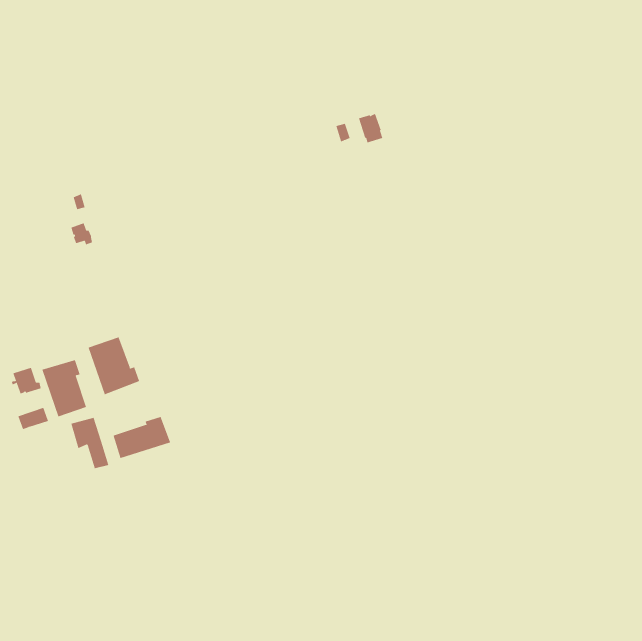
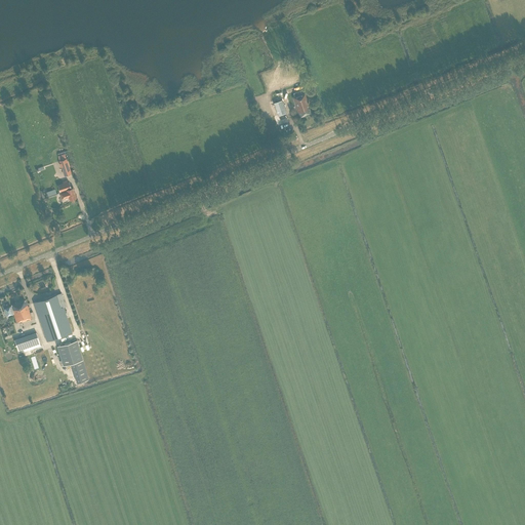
building: [88,337,140,395] -> none
building: [113,416,171,459] -> none

